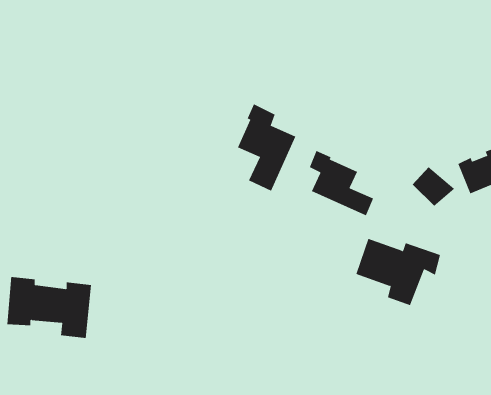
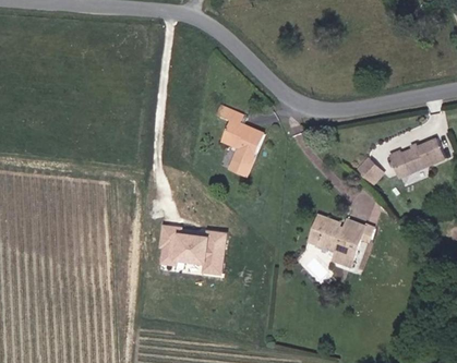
building: [309,150,374,216] -> none
building: [7,276,92,338] -> [156,225,224,274]

